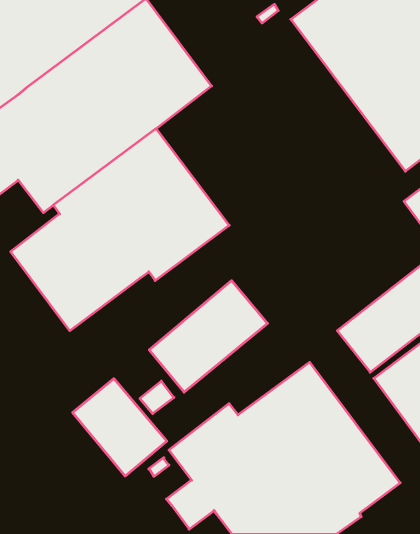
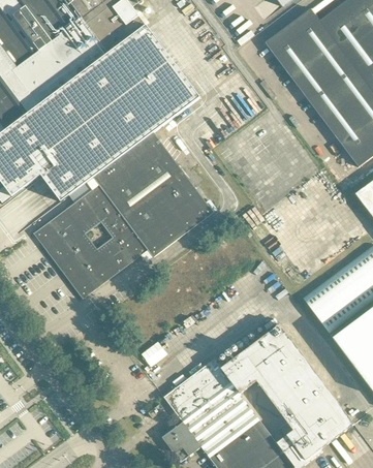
building: [149,281,268,392] -> none
building: [73,379,167,476] -> none

